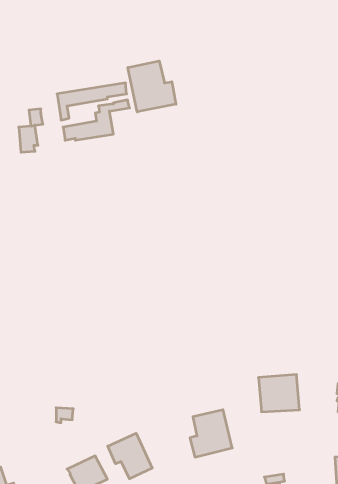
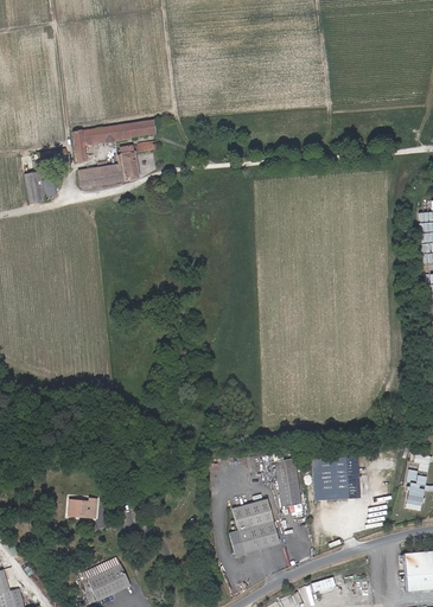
building: [128,61,176,112] -> none
building: none -> [279,462,306,507]
building: [108,433,152,479] -> none

